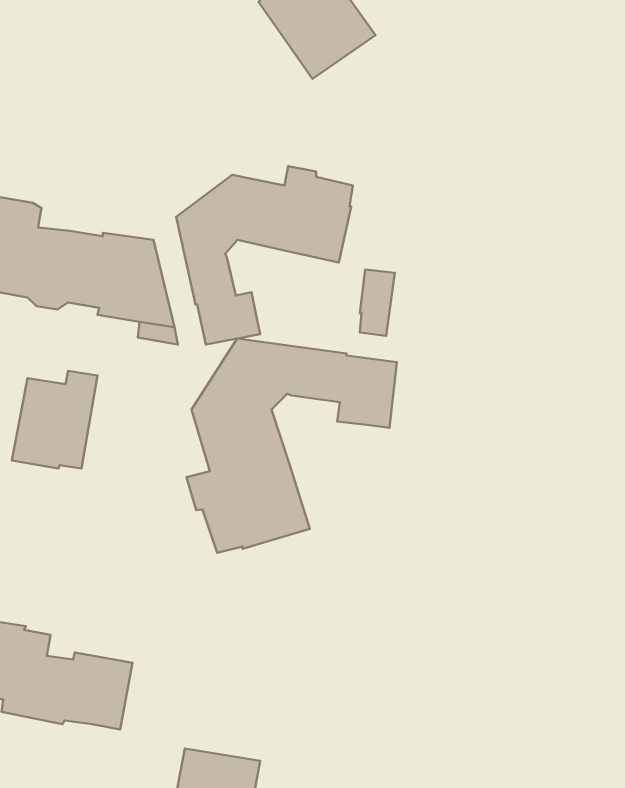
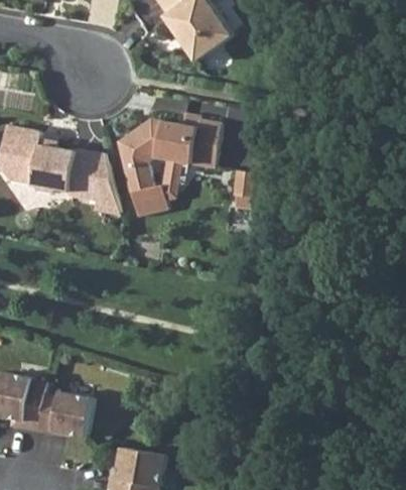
building: none -> [146,153,179,199]
building: [187,339,397,553] -> none
building: [12,371,98,469] -> none

